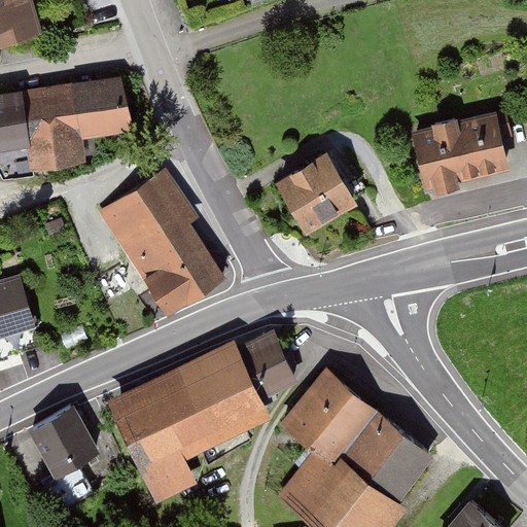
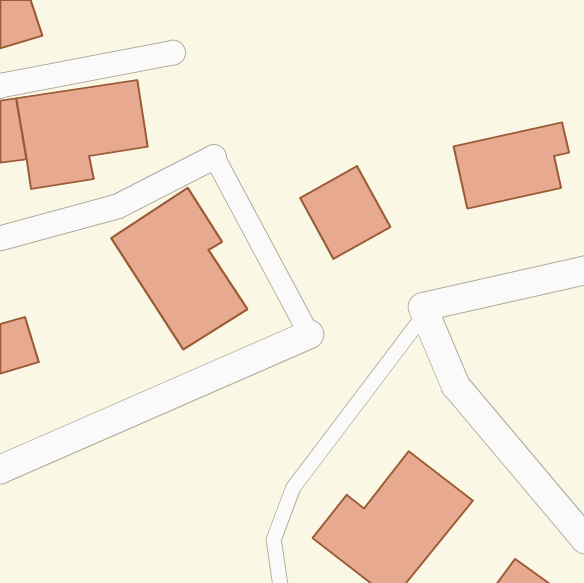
building: [104,332,298,505] -> none
building: [282,372,368,459] -> none
building: [32,402,103,473] -> none

